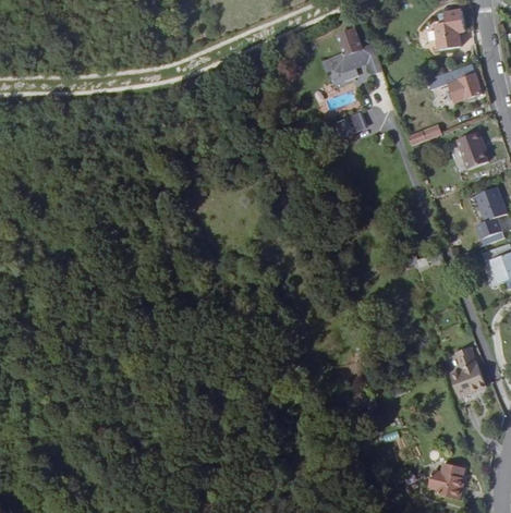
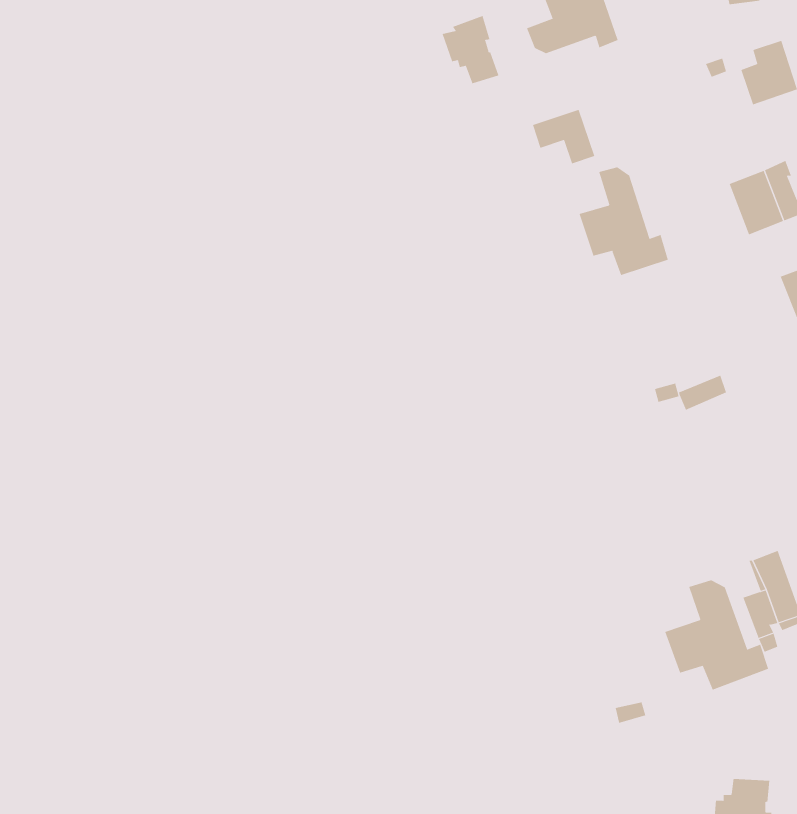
building: none -> [442,15,499,84]
building: none -> [579,166,668,276]
building: none -> [664,579,769,690]

